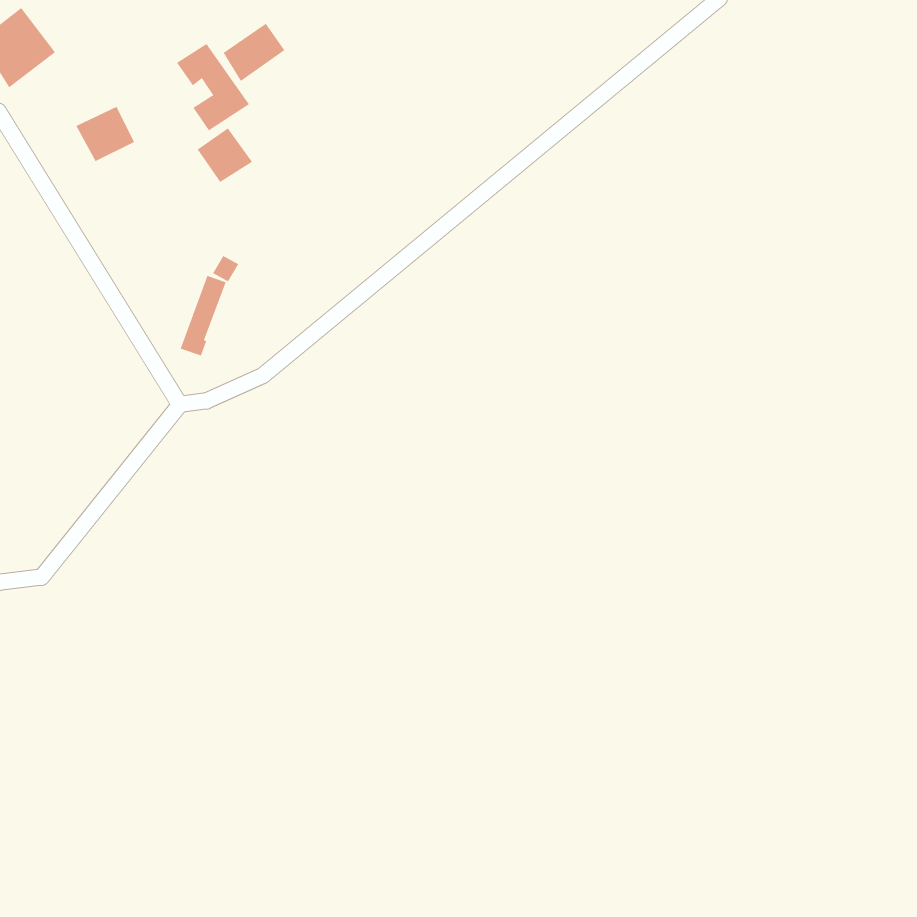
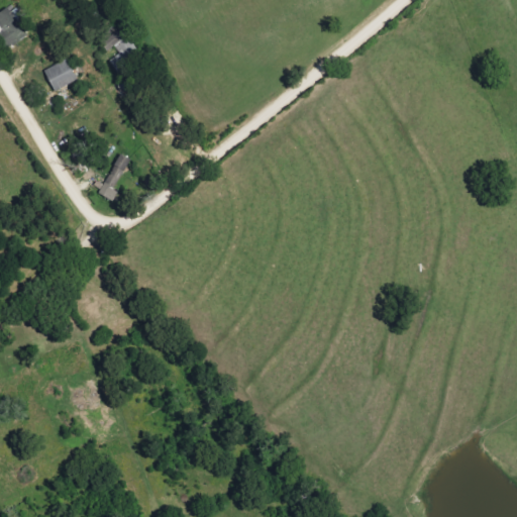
building: [223,23,285,82] -> none
building: [197,128,253,183] -> none

